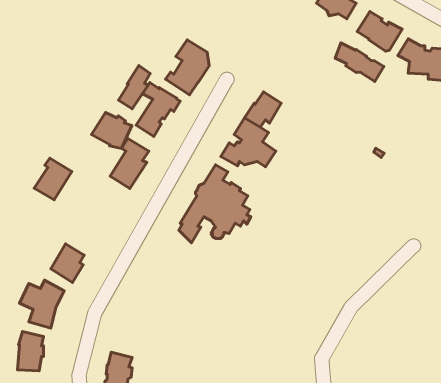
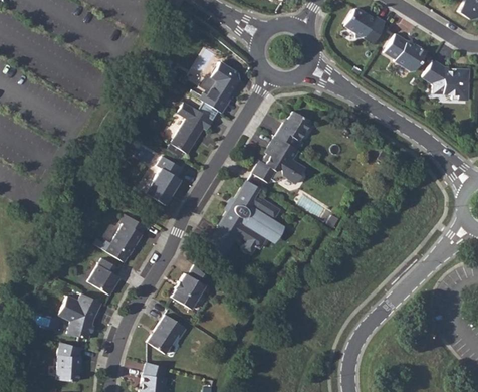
building: [335,43,384,82] -> none
building: [118,66,150,109] -> none
building: [92,113,132,149] -> none
building: [34,158,72,200] -> [110,214,147,254]
building: none -> [171,263,211,308]
building: none -> [148,314,186,353]

